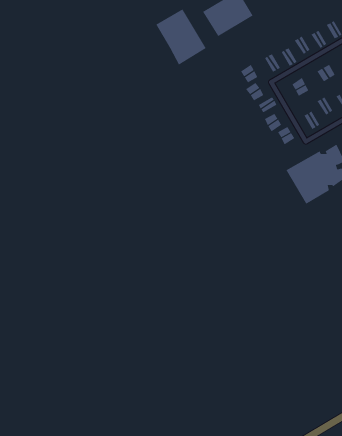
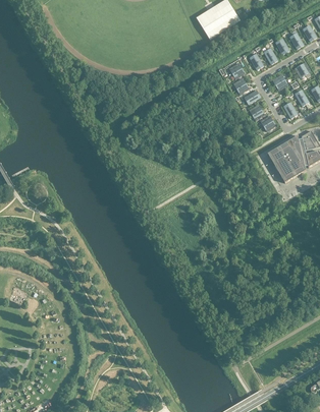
building: [155,8,207,65] -> none

